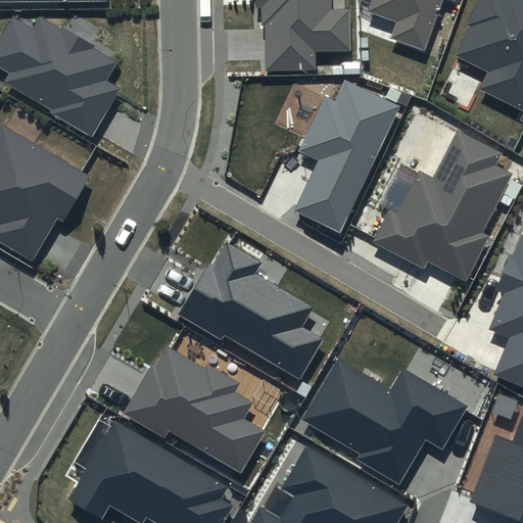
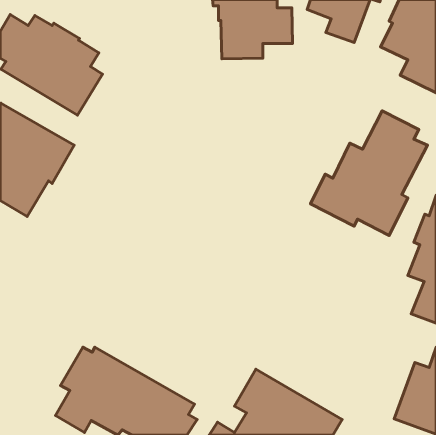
building: [293,82,399,233] -> none
building: [178,243,324,380] -> none
building: [124,345,266,472] -> none
building: [303,359,468,484] -> none

